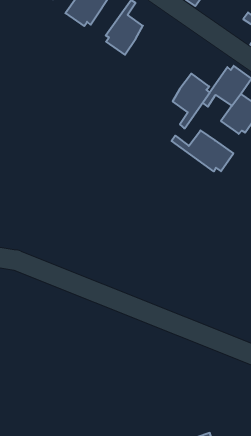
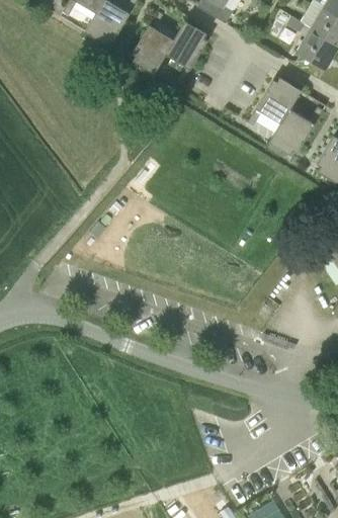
building: [173,74,210,128] -> [167,21,208,84]
building: [172,130,233,171] -> none

